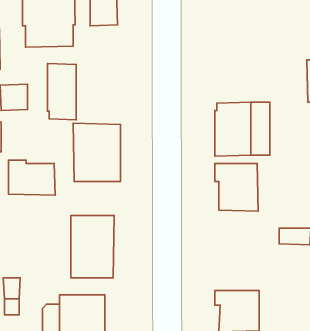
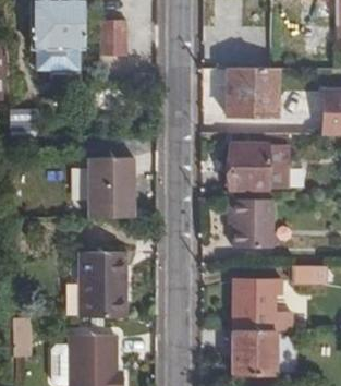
building: none -> [232,71,284,119]
building: [48,63,76,120] -> none
building: [8,160,55,195] -> none
building: none -> [235,277,293,328]

